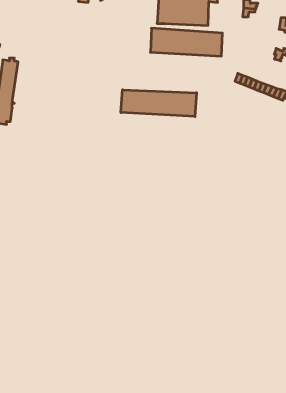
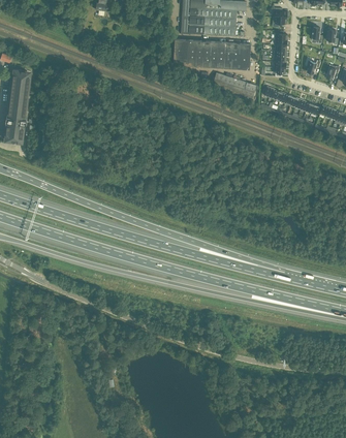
building: [121,90,197,117] -> none

